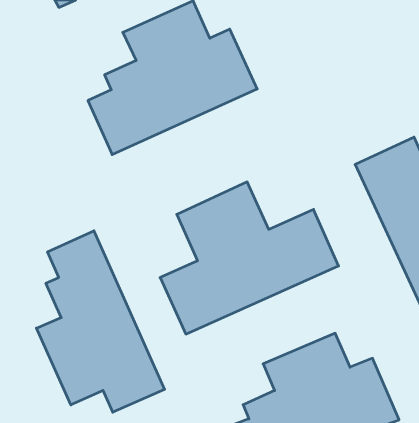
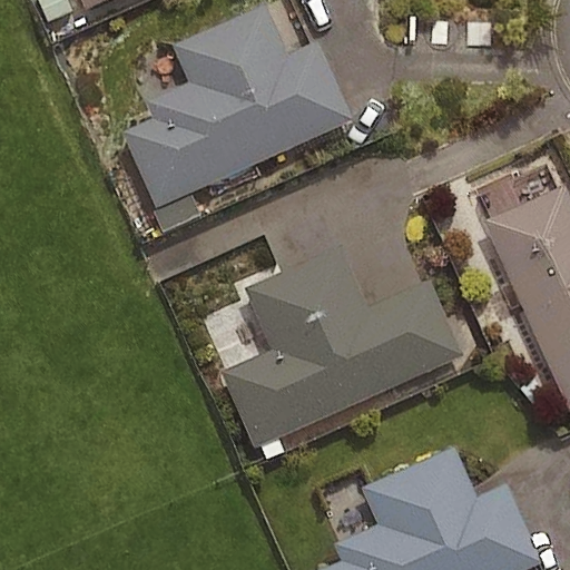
building: [36,231,165,412] -> none

